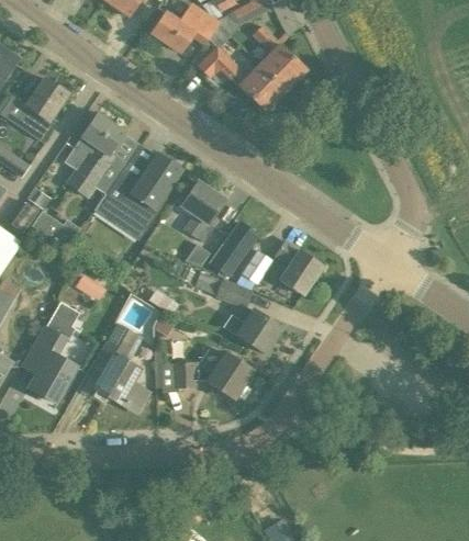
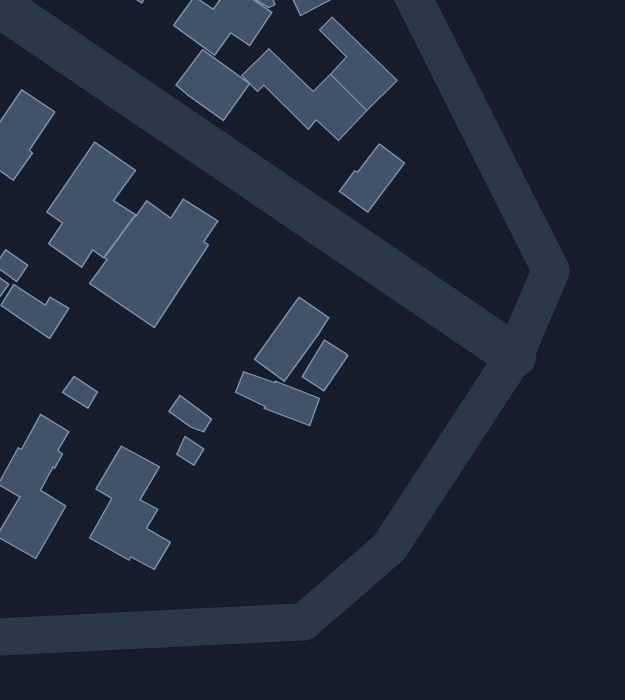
building: none -> [176,50,250,121]
building: none -> [339,144,404,212]
building: [182,180,226,253] -> none
building: [273,239,324,293] -> none
building: [222,308,282,352] -> none
building: [154,349,254,397] -> none

